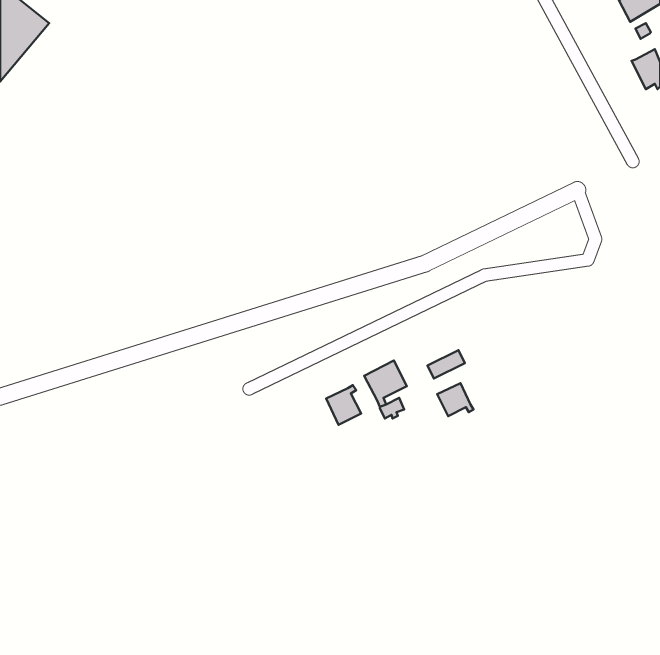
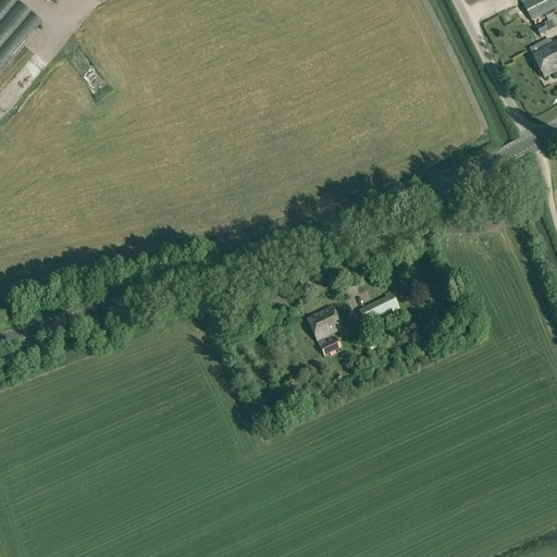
building: [437,383,473,416] -> none
building: [326,385,361,425] -> none

